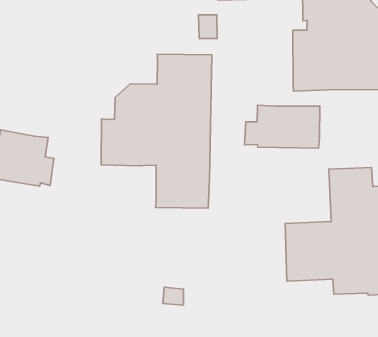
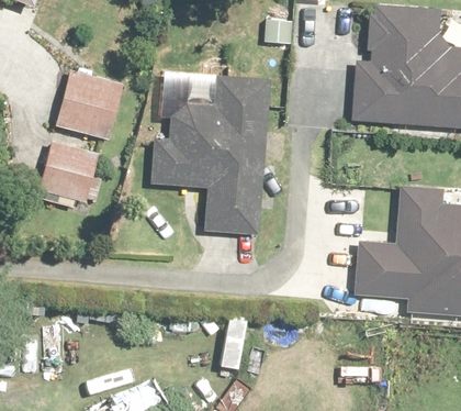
building: none -> [56,71,123,138]
building: [244,105,320,148] -> none

